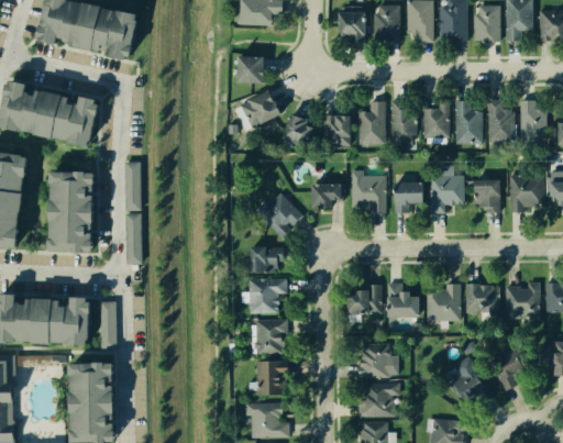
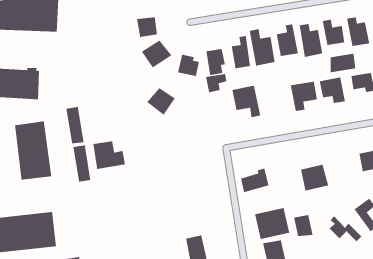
building: none -> [330,53,356,73]
building: [396,181,424,211] -> none
building: [308,186,336,209] -> [205,73,227,93]
building: [260,195,300,234] -> [146,87,176,116]
building: none -> [92,141,126,170]
building: [249,245,284,273] -> none
building: [250,279,284,315] -> none
building: [466,284,503,308] -> none
building: [385,294,418,318] -> none
building: [99,302,115,350] -> none
building: [255,320,283,355] -> none
building: none -> [293,214,313,237]

